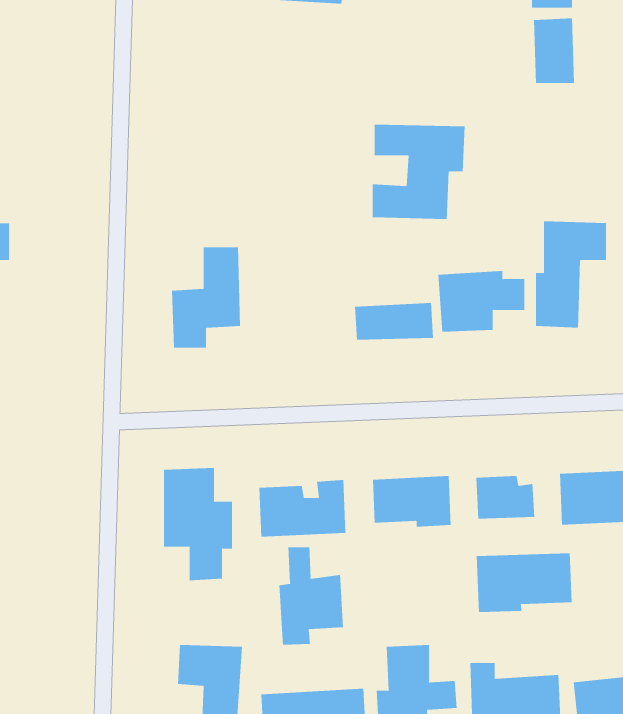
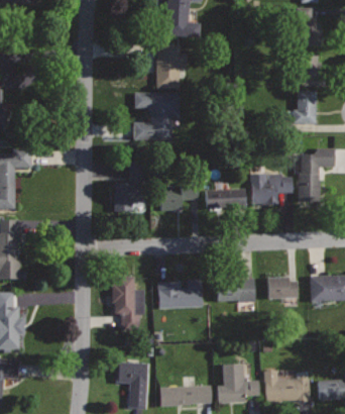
building: none -> [155,44,187,88]
building: none -> [293,91,317,123]
building: [372,124,465,220] -> [133,92,181,140]
building: none -> [158,179,200,212]
building: [279,546,344,646] -> none
building: [476,552,572,613] -> none

